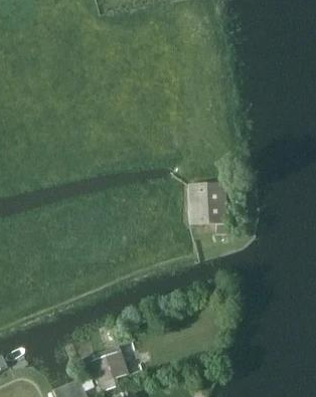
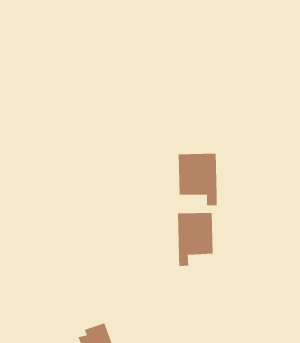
building: none -> [177,212,214,267]

